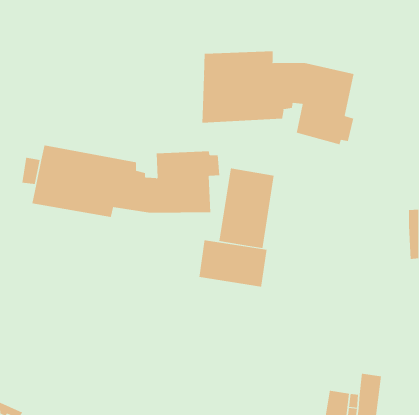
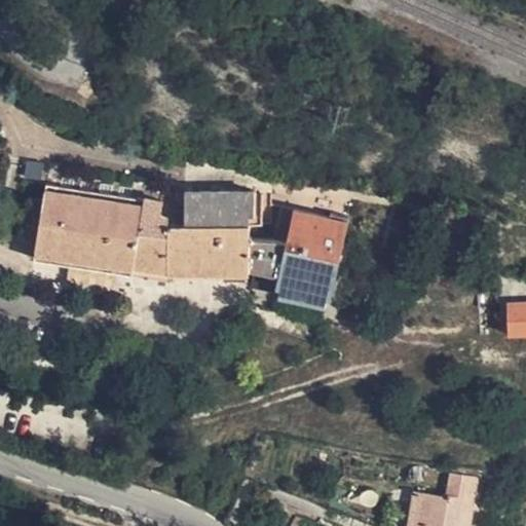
building: [202,51,354,145] -> none
building: [199,239,267,287] -> none

